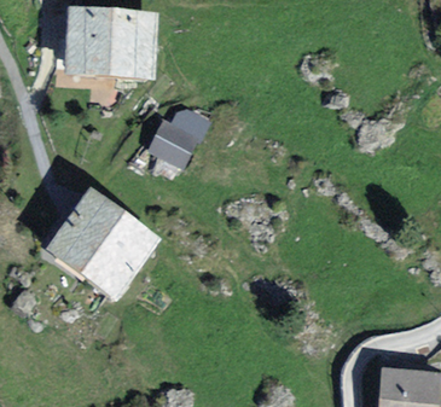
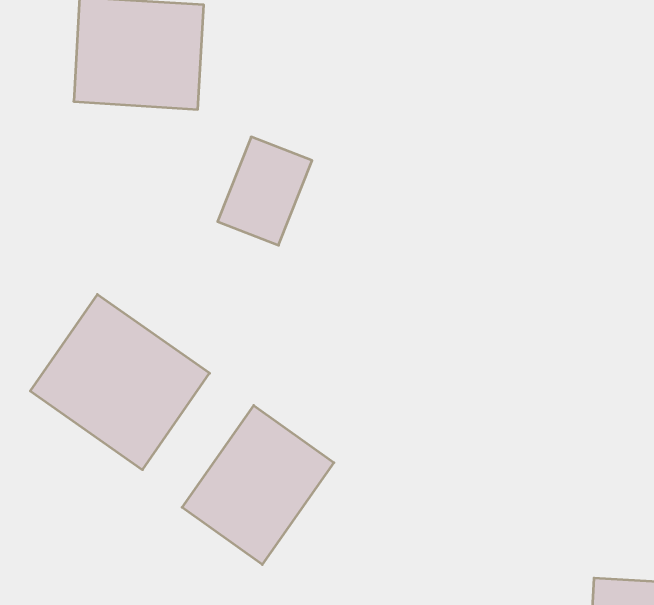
building: none -> [182,405,334,565]

